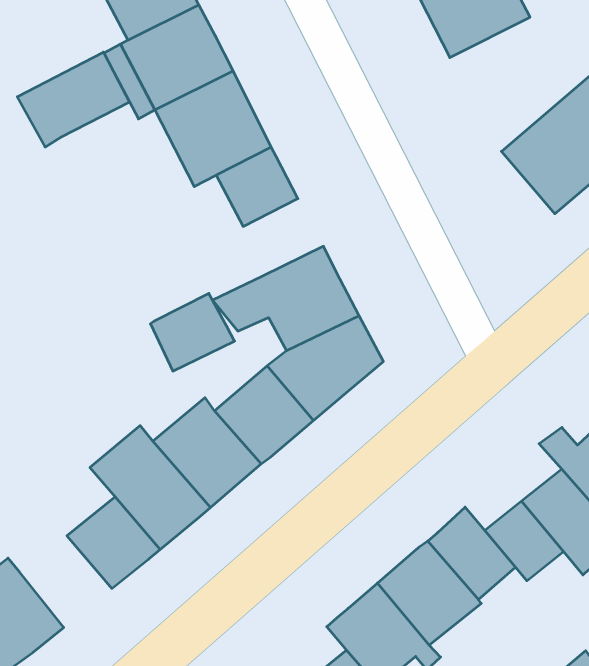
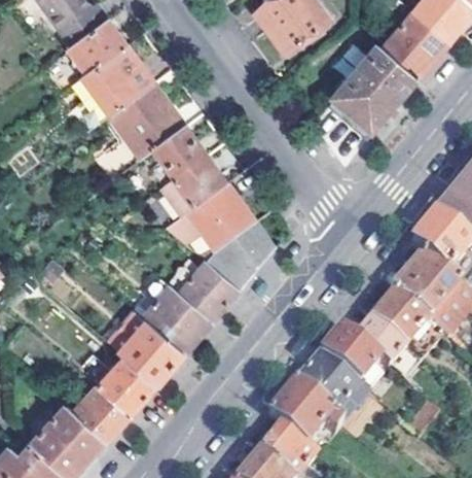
building: [17,52,130,147] -> none
building: [150,293,235,371] -> [174,155,227,206]
building: none -> [73,385,132,442]

